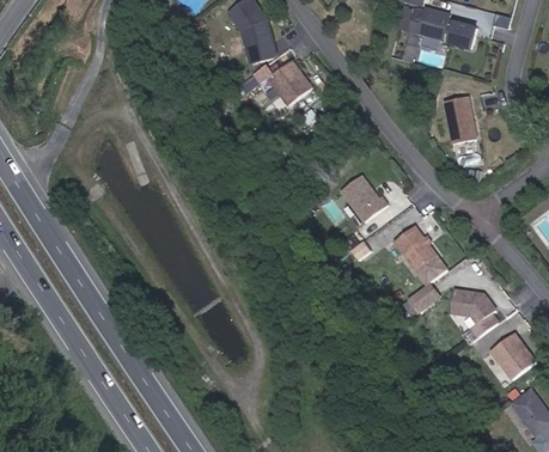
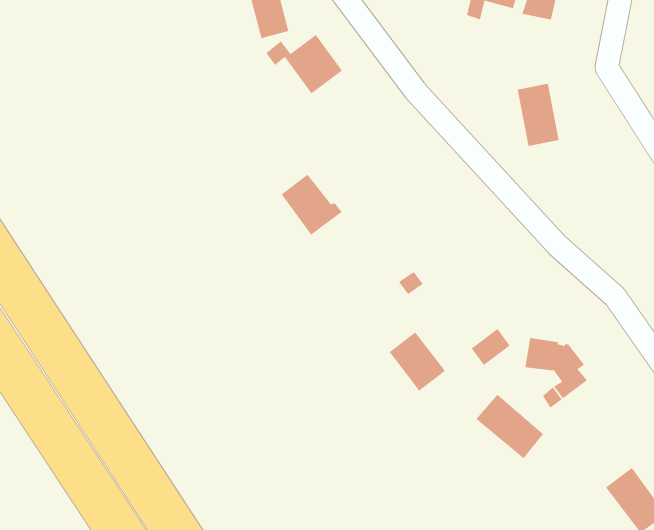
building: [341,176,388,222] -> [281,174,343,235]
building: [394,226,437,271] -> [389,331,446,392]
building: none -> [475,394,544,459]
building: [490,332,536,379] -> none

